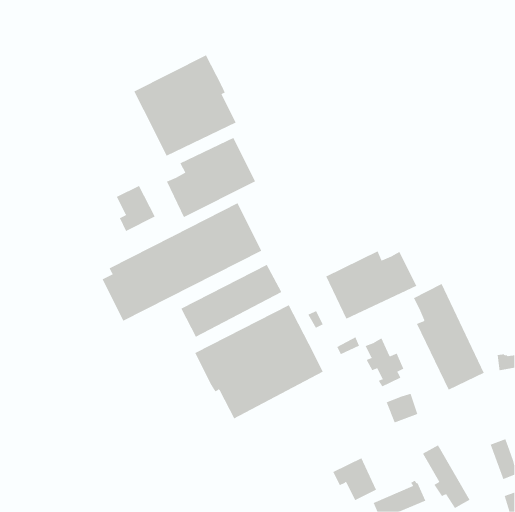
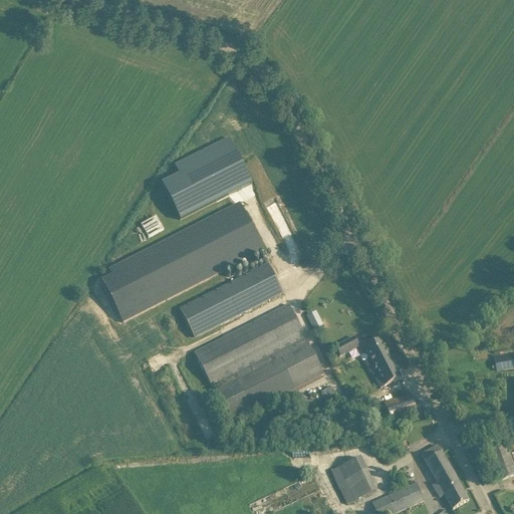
building: [134,55,236,156] -> none
building: [116,185,156,232] -> none
building: [326,250,417,320] -> none
building: [413,283,485,390] -> none

